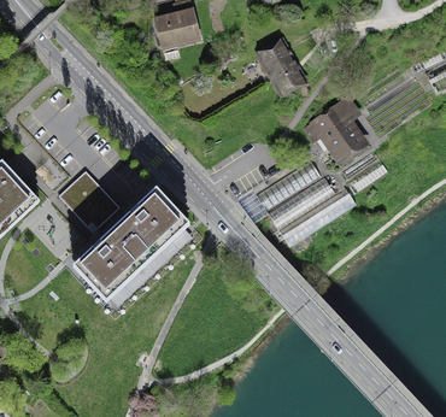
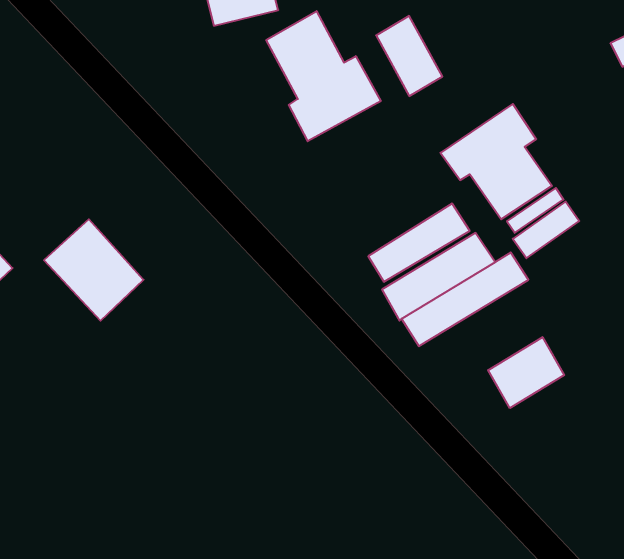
building: none -> [266,11,381,141]
building: [75,189,190,300] -> none
building: none -> [488,337,564,408]

